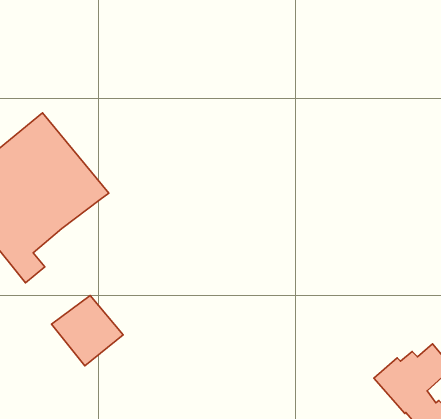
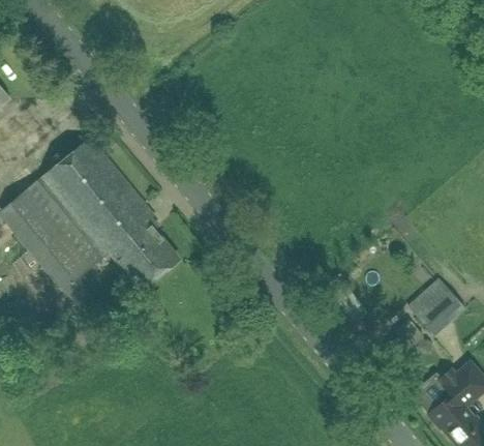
building: none -> [409,279,465,335]
building: [52,295,123,366] -> [110,221,179,290]

